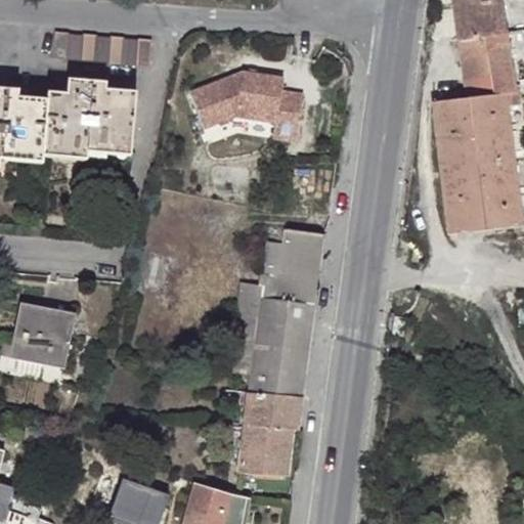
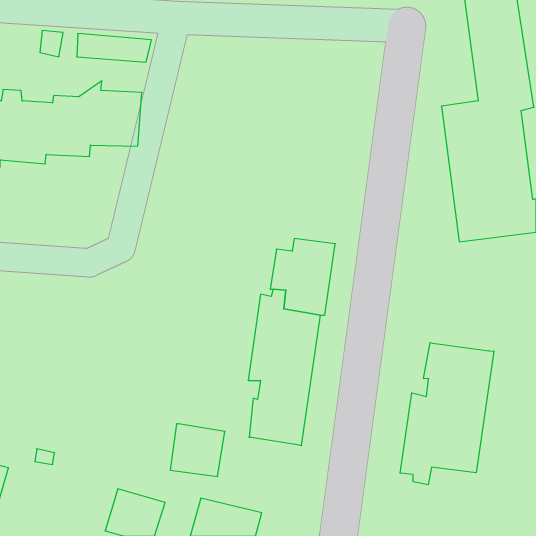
building: [187,72,302,141] -> none
building: [9,305,74,370] -> none
building: none -> [400,343,494,485]
building: [236,426,290,477] -> [170,424,225,477]

